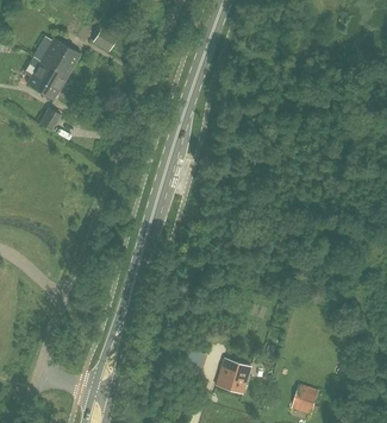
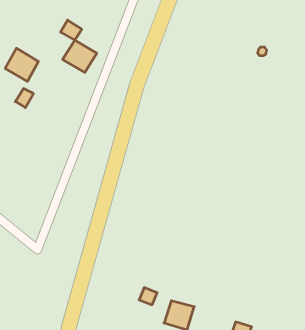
building: [40,38,81,76] -> [63,40,97,72]

